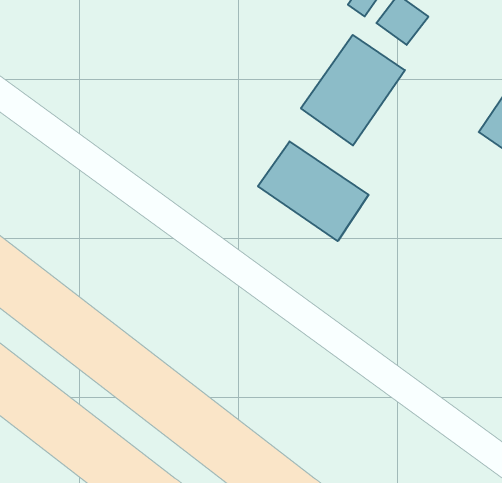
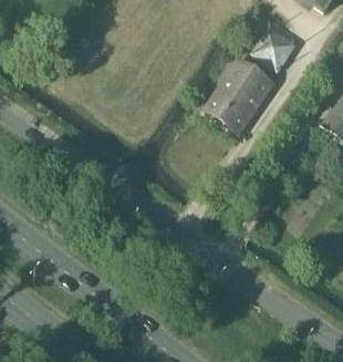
building: [258,141,369,241] -> none

